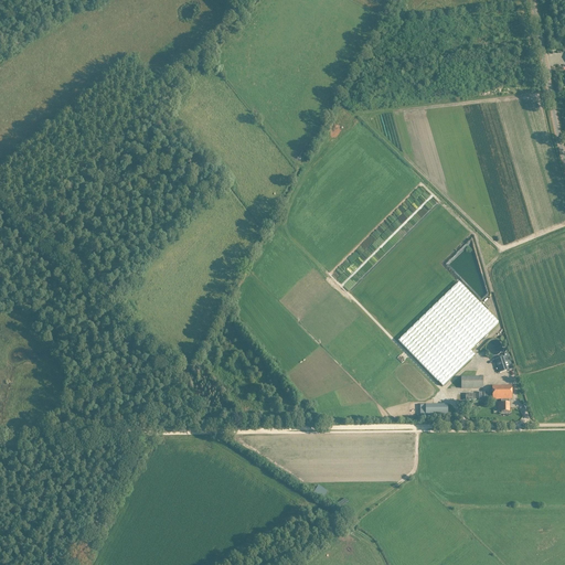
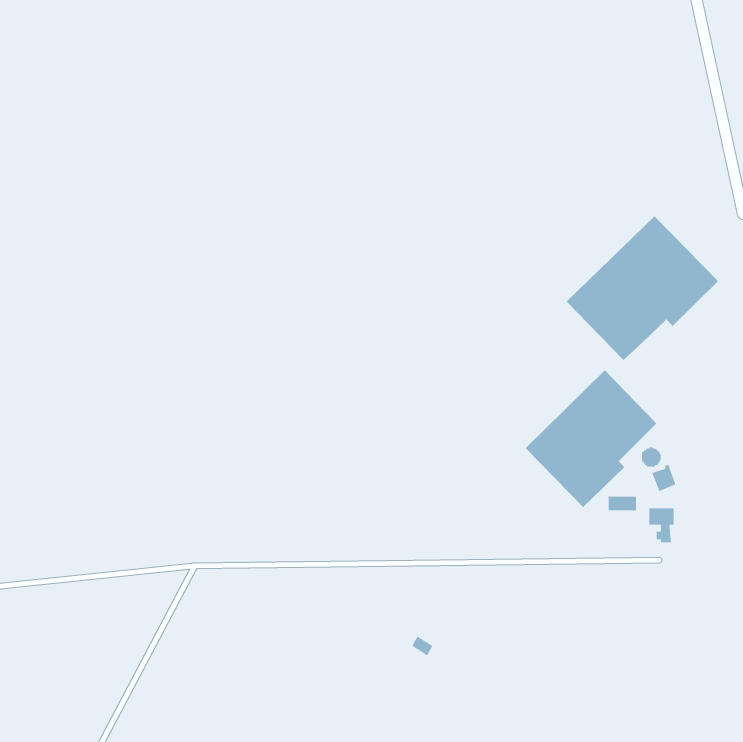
building: none -> [566,215,719,361]

